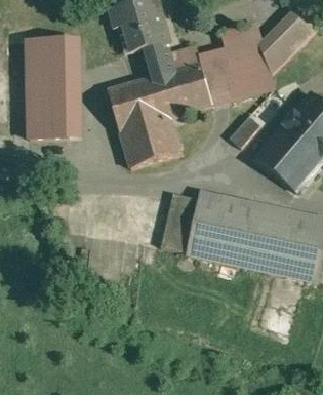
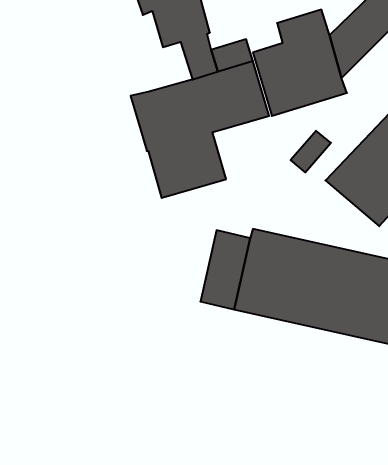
building: [27,38,68,136] -> none

